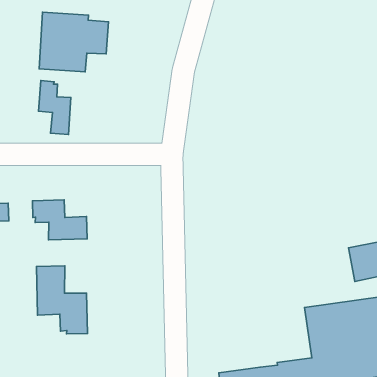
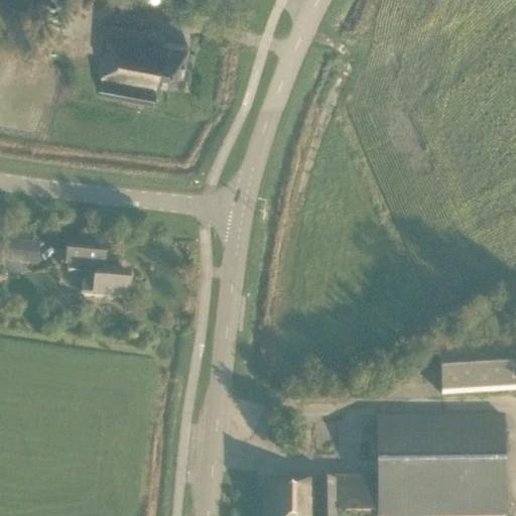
building: [39,81,71,134] -> none
building: [36,266,87,334] -> none

